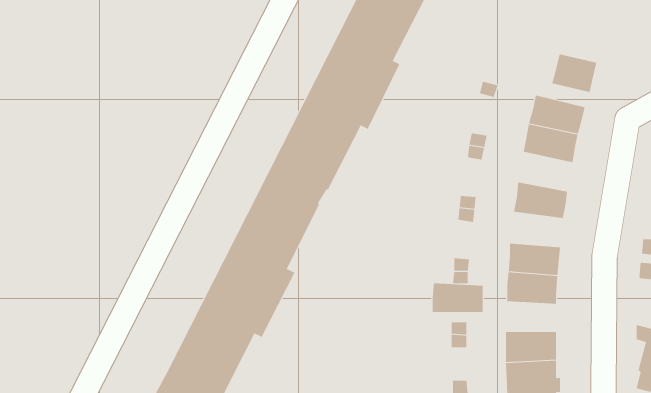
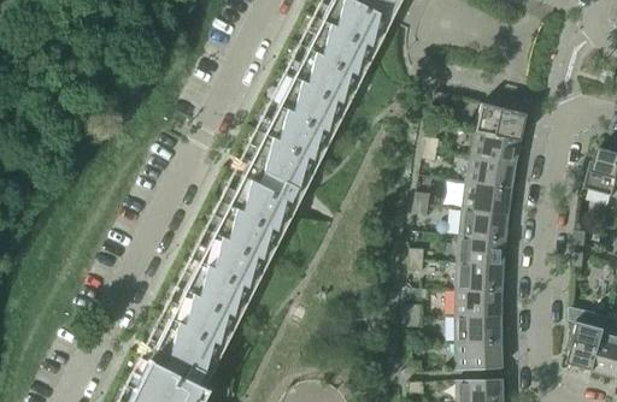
building: [551,53,597,93] -> none
building: none -> [466,155,516,190]
building: none -> [459,208,507,240]
building: [432,283,483,313] -> [456,288,501,314]

